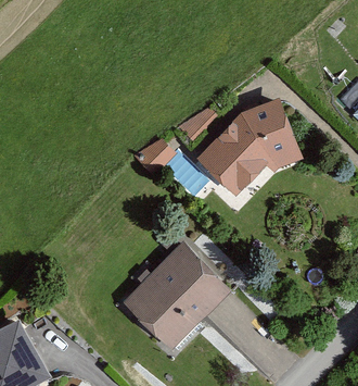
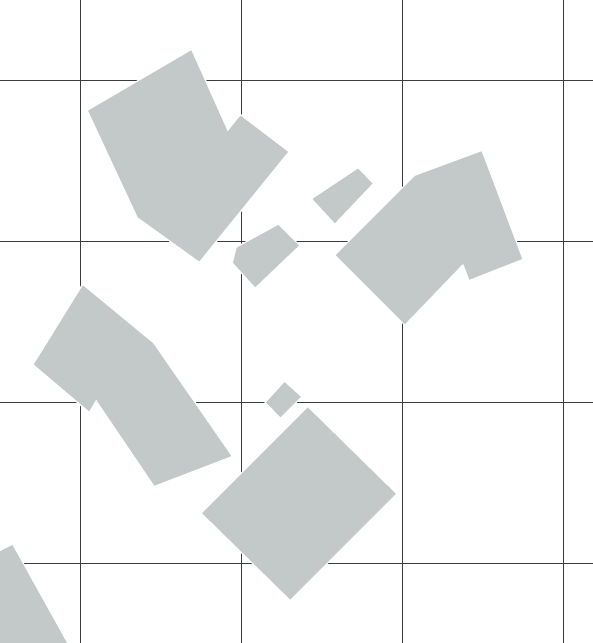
building: none -> [87,49,289,263]
building: none -> [33,284,233,486]

